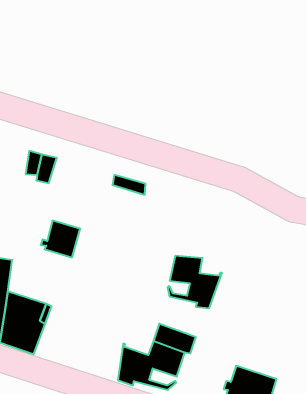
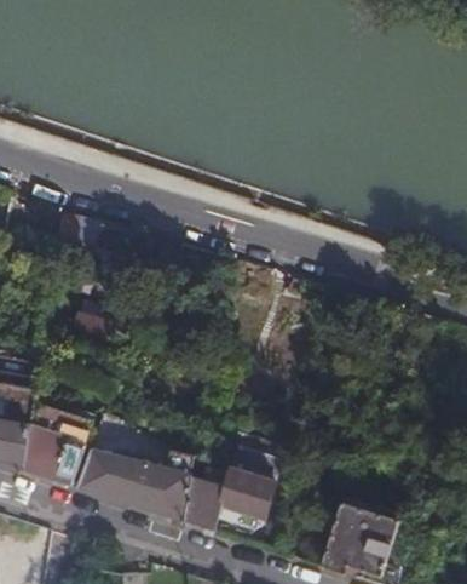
building: [168,256,222,308] -> none
building: none -> [74,445,189,522]

